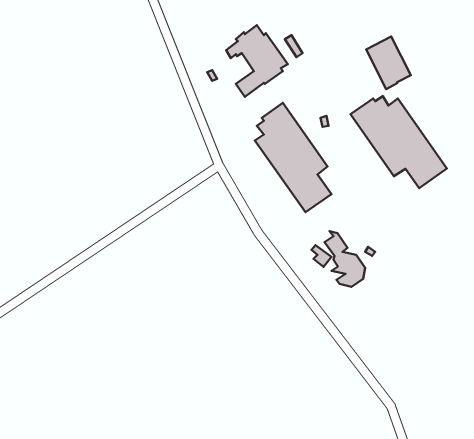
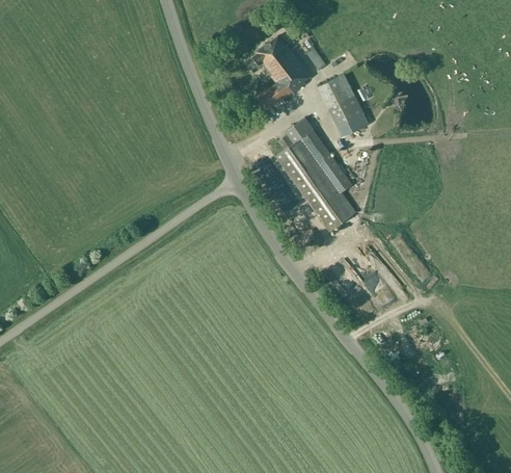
building: [366,36,411,89] -> [318,75,365,130]
building: [350,96,447,188] -> none

